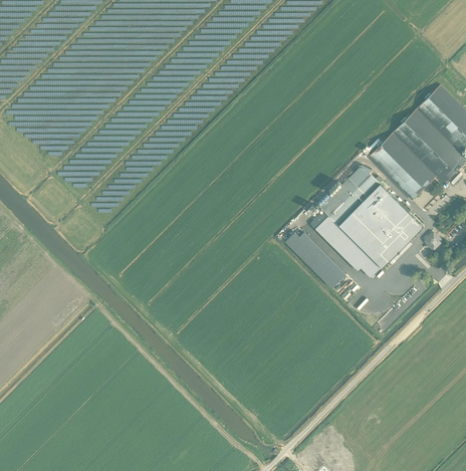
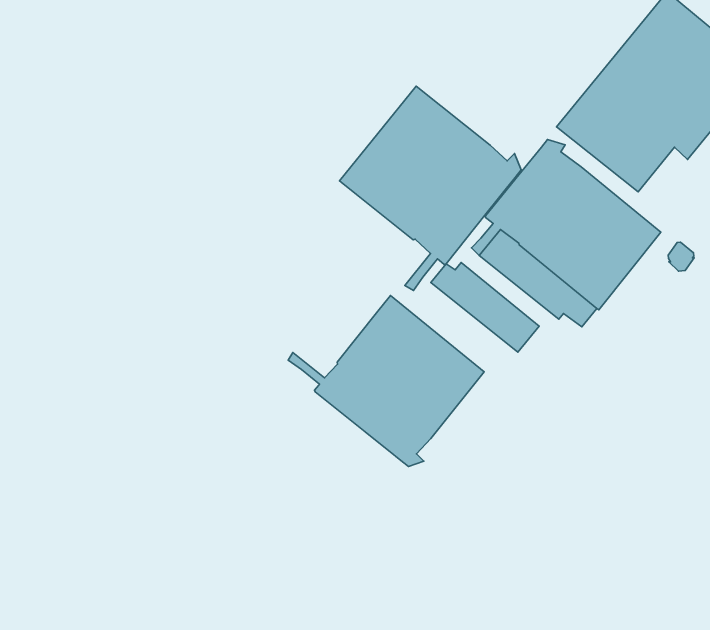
building: none -> [339,86,521,291]
building: none -> [288,296,484,467]

